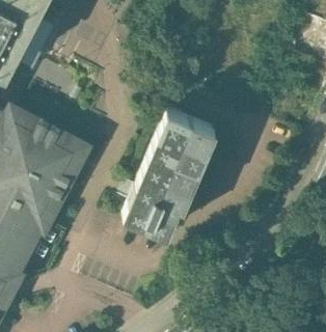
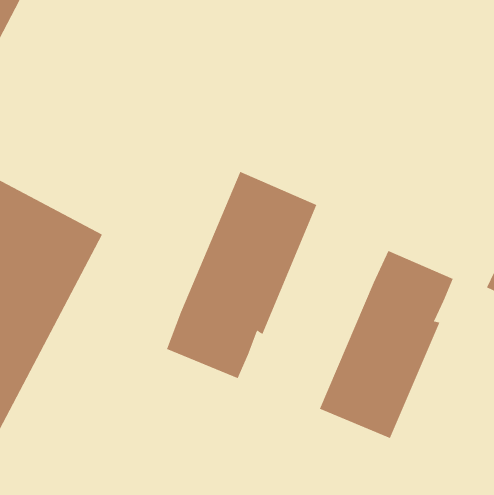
building: none -> [319,250,453,439]

